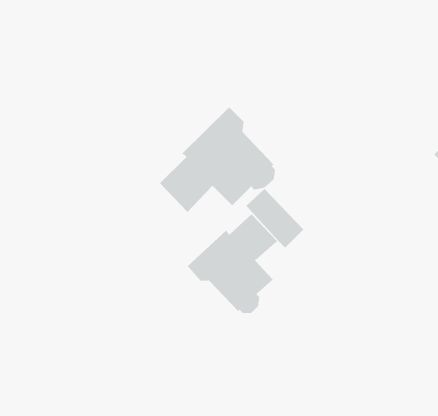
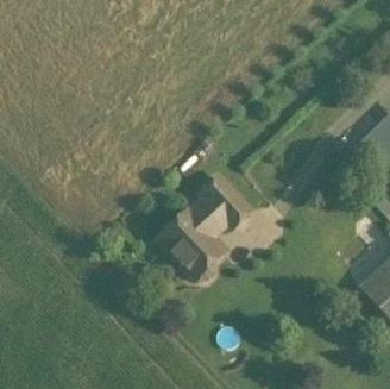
building: [159,107,275,213] -> none

